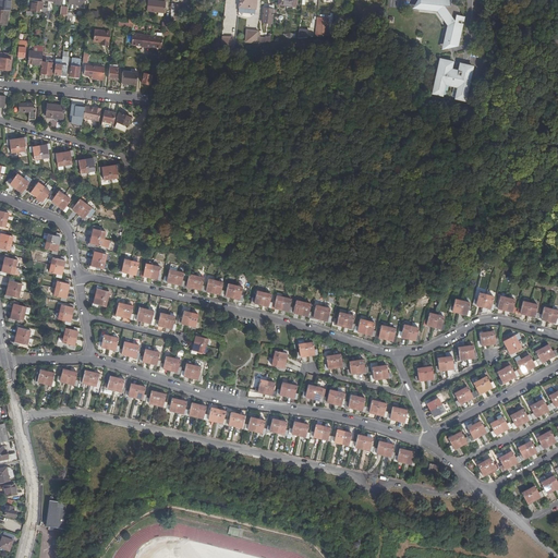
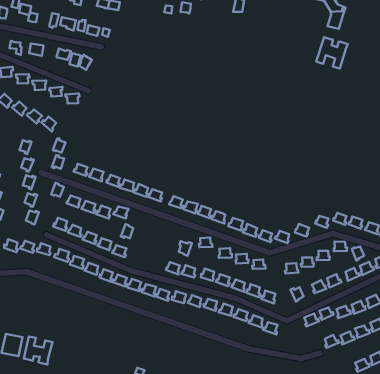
building: none -> [24,336,52,364]

